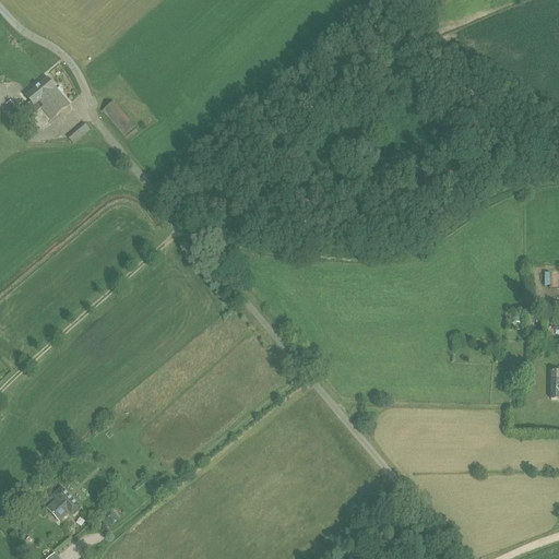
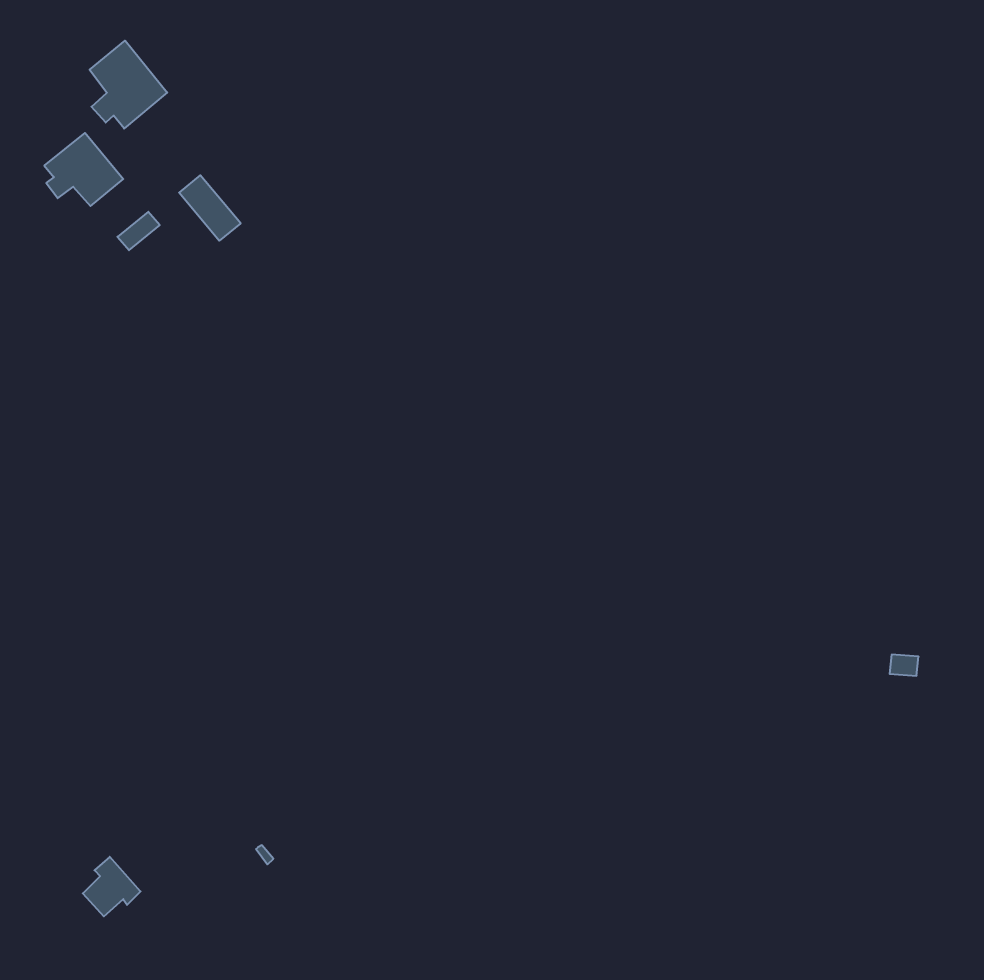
building: none -> [90,41,167,129]

